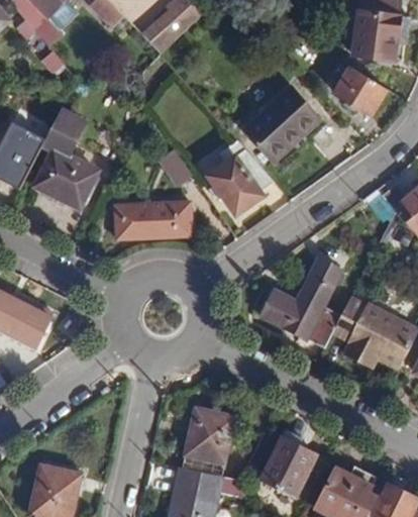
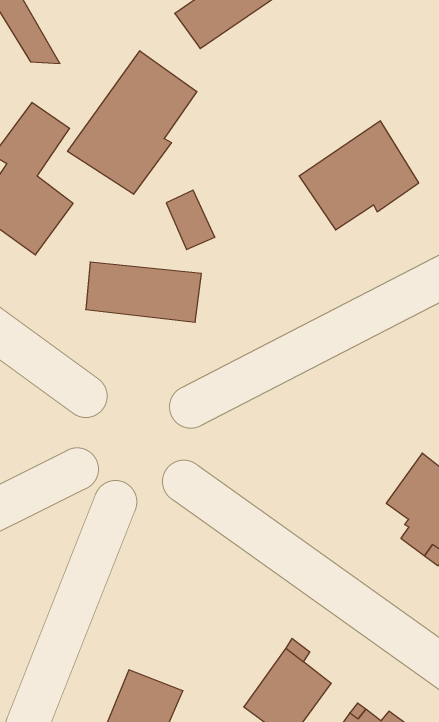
building: none -> [68,51,197,194]
building: [208,141,272,216] -> none
building: [263,261,341,348] -> none
building: [182,408,233,478] -> none

